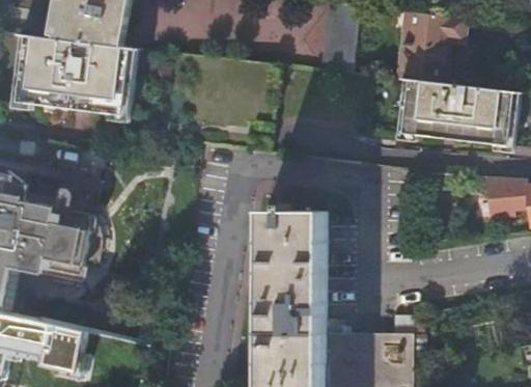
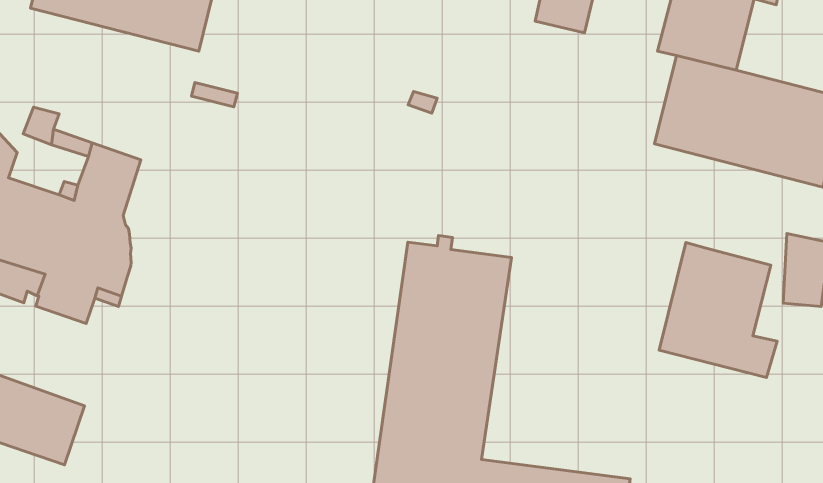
building: none -> [659,242,777,378]

